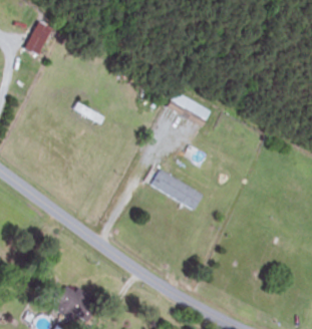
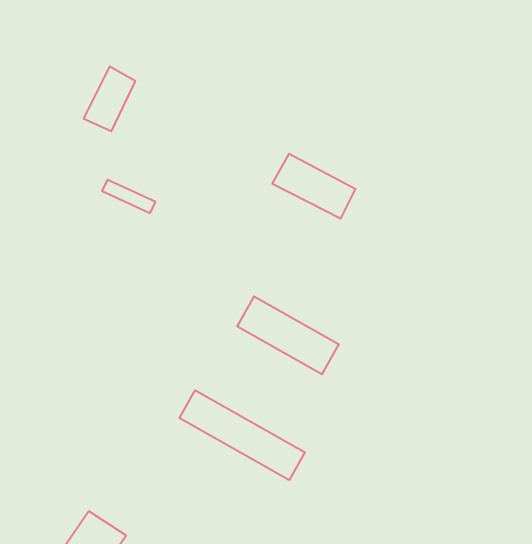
building: [24,20,52,55] -> [84,66,135,131]
building: none -> [179,390,305,480]

